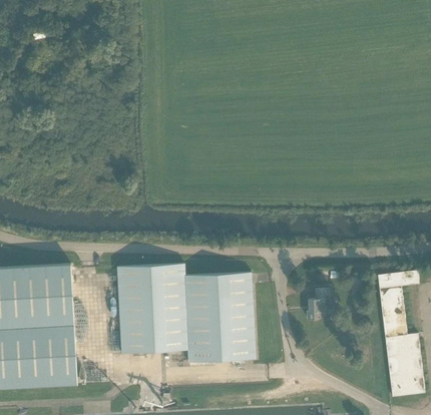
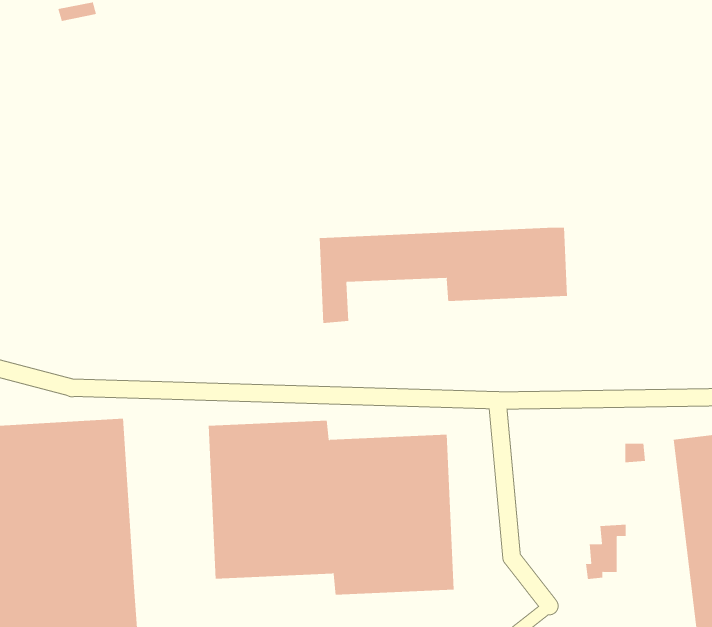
building: none -> [319,227,567,324]
building: [307,289,330,320] -> [585,524,626,580]

